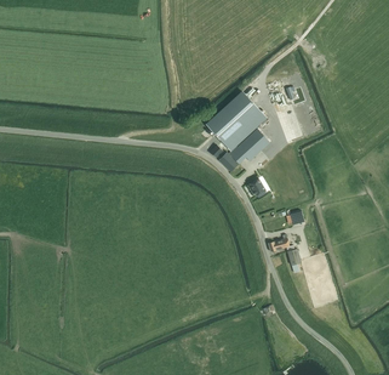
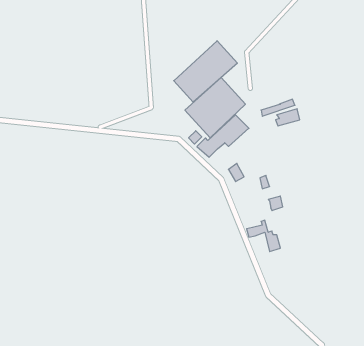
building: none -> [174,41,237,102]

